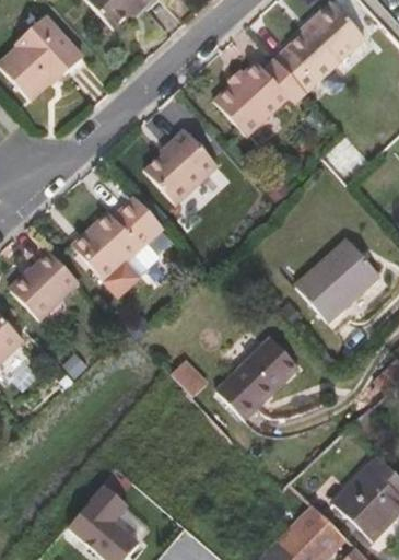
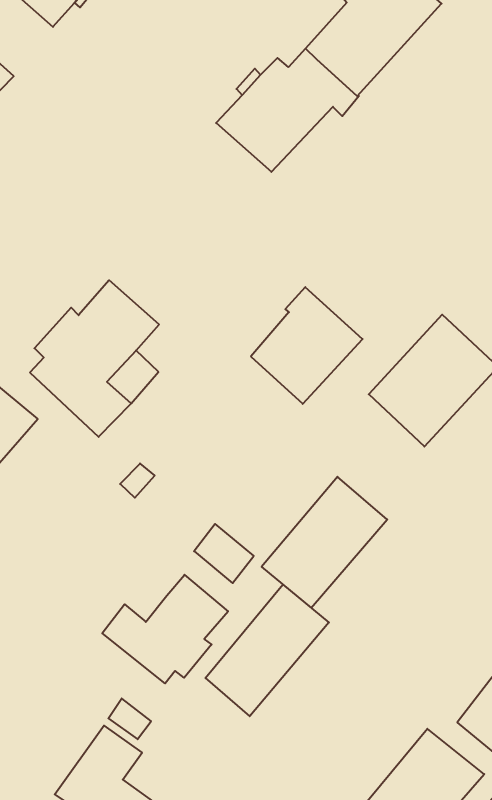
building: [144,129,218,205] -> [251,287,363,404]
building: none -> [102,575,228,683]
building: none -> [205,584,329,716]

